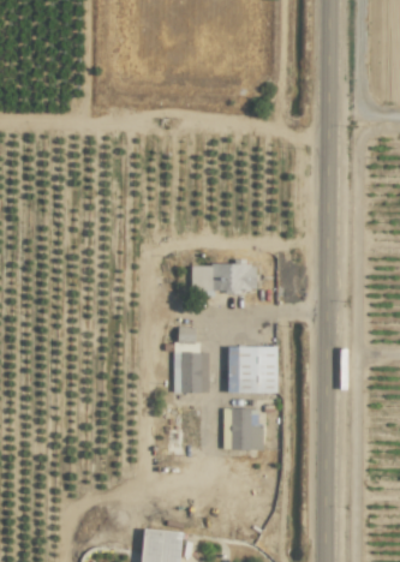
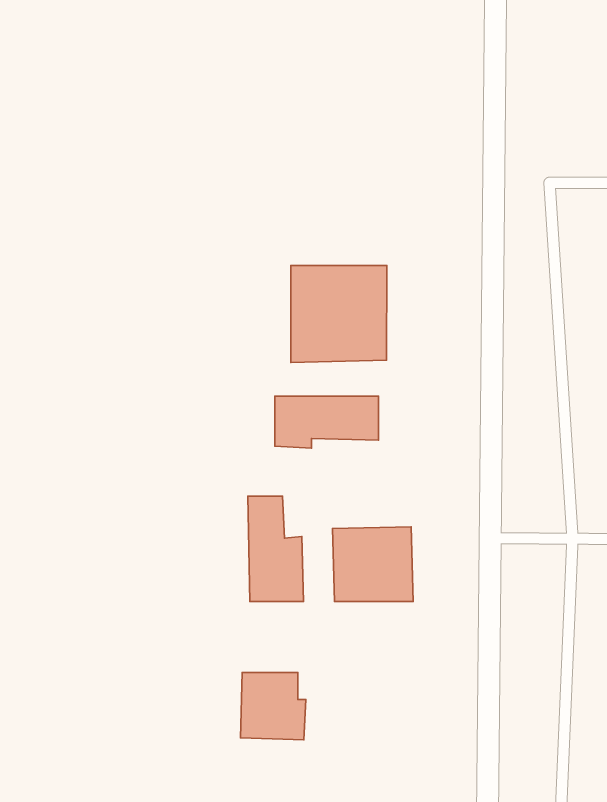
building: none -> [291,266,387,363]
building: [222,408,263,450] -> [240,673,306,740]

